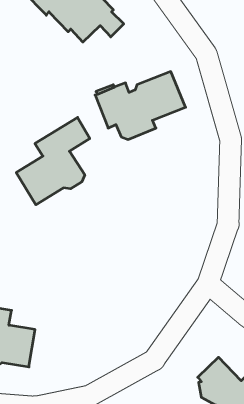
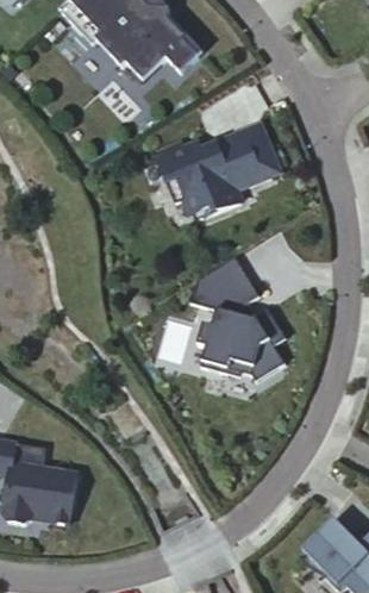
building: [16,117,90,205] -> none
building: none -> [189,254,287,379]

